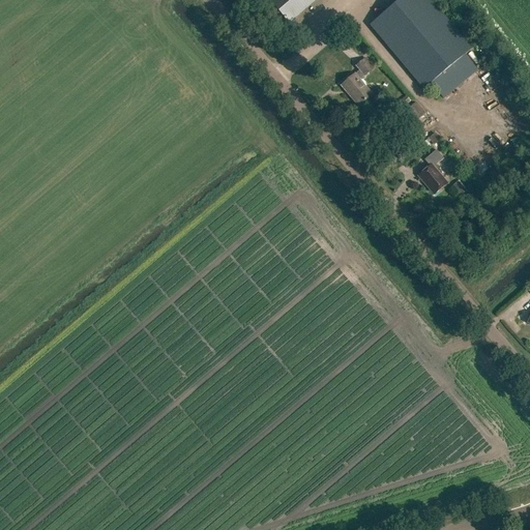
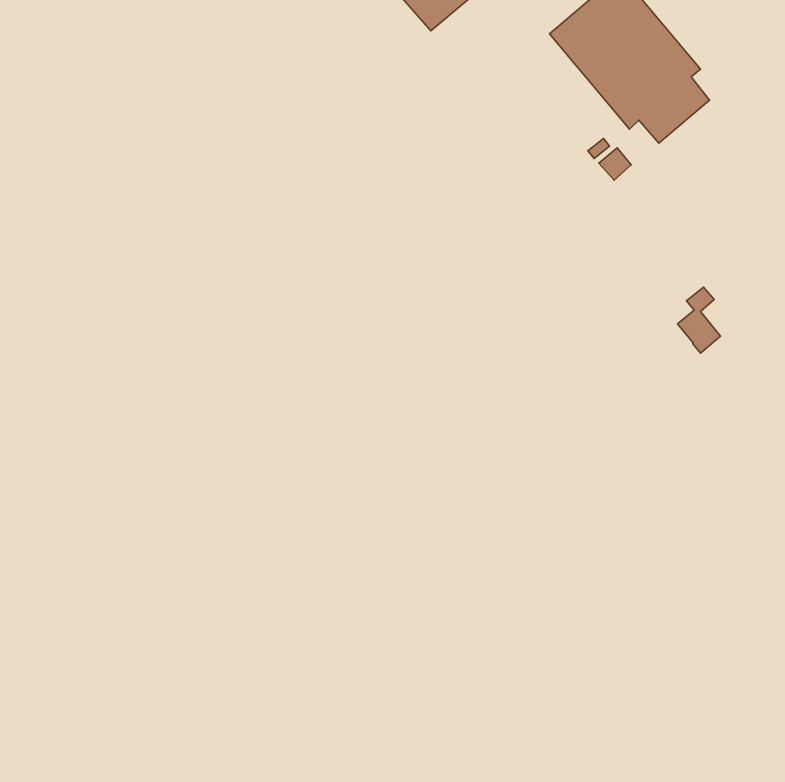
building: [341,56,374,104] -> none
building: [417,147,446,192] -> [677,287,720,353]

